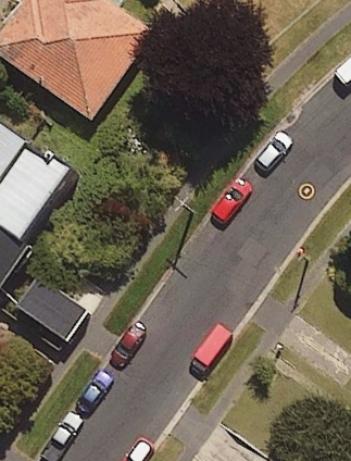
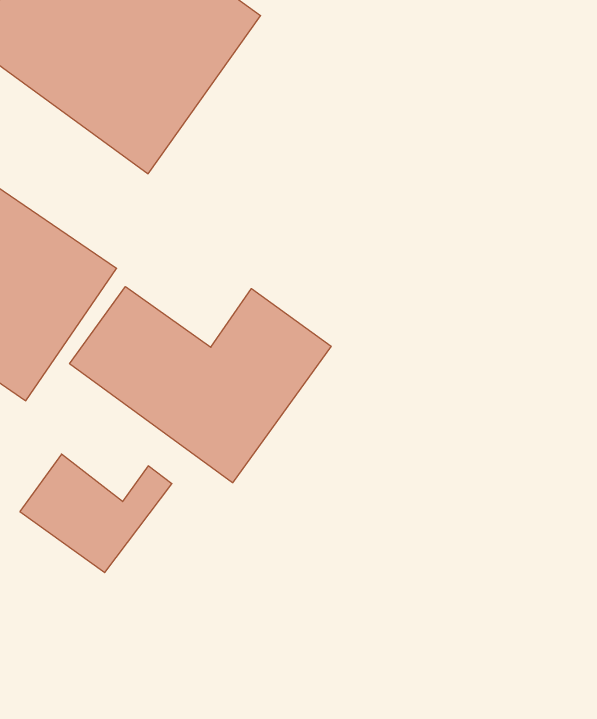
building: none -> [70,287,331,483]

